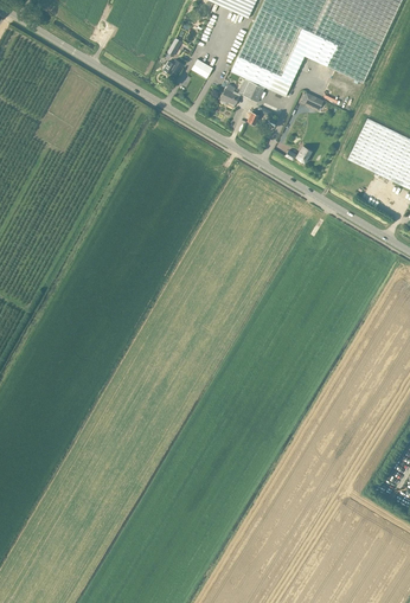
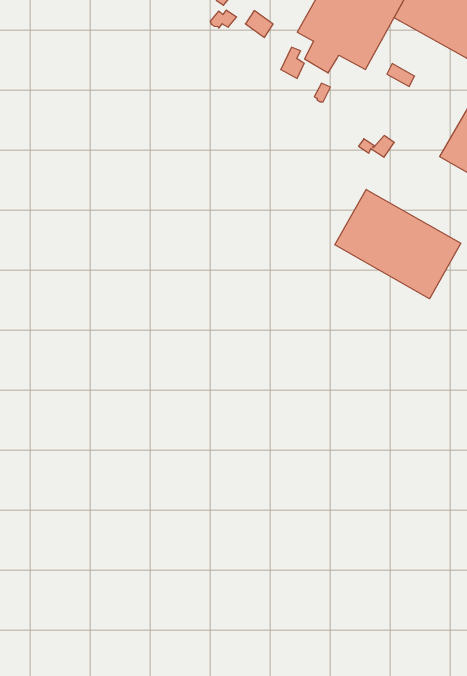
building: none -> [335,189,461,299]

